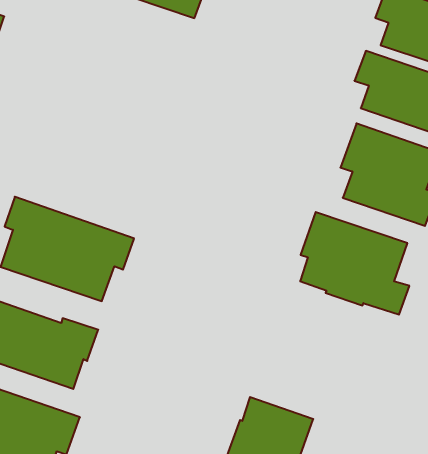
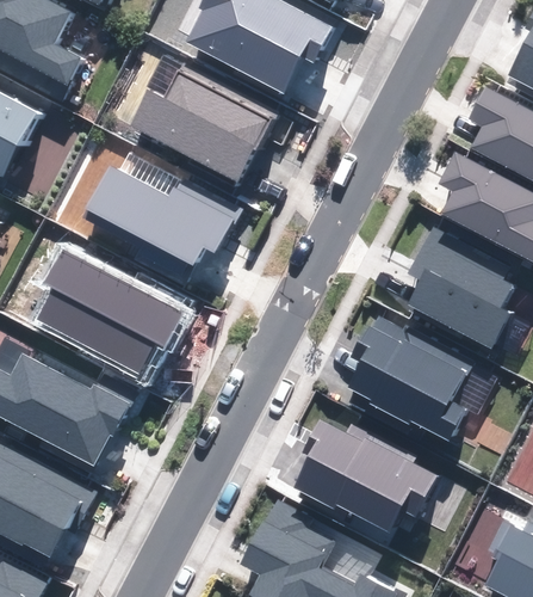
building: none -> [130,66,273,181]
building: none -> [85,166,242,271]
building: none -> [295,420,434,531]

